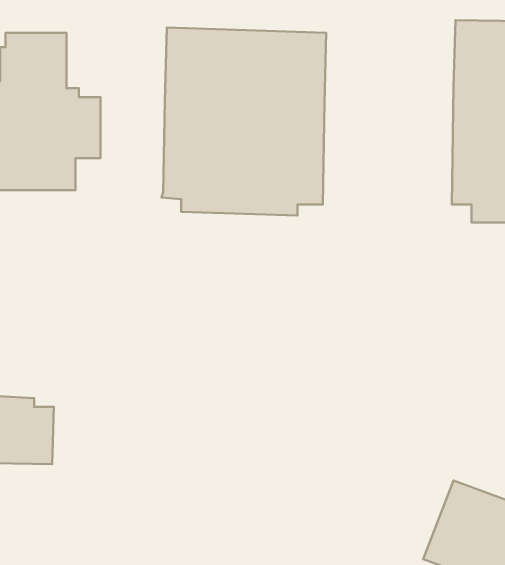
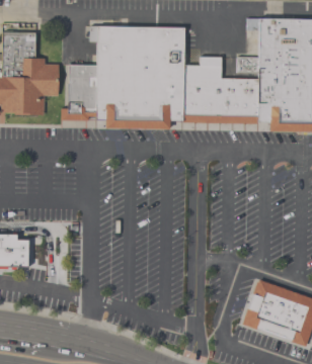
building: none -> [184,56,258,123]
building: none -> [59,65,95,120]

